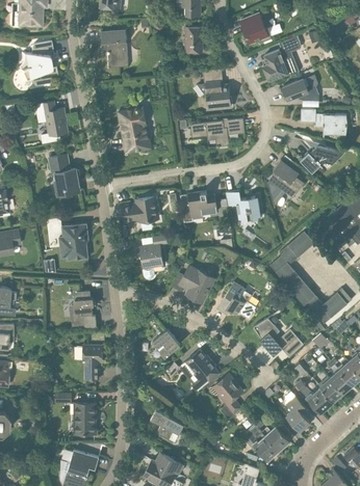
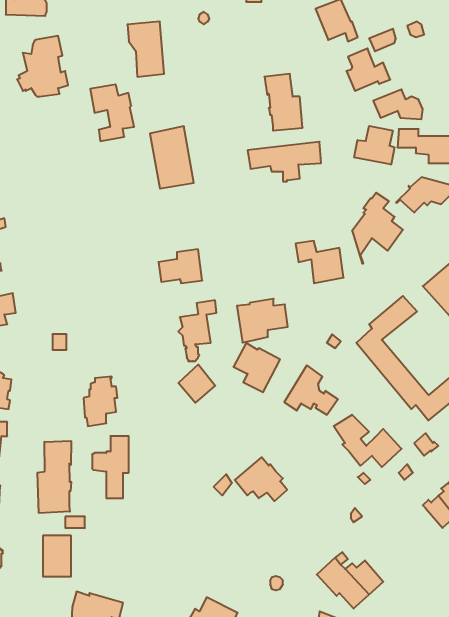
building: [183,27,203,51] -> none
building: [35,102,68,143] -> [90,84,134,141]
building: none -> [354,126,394,165]
building: [50,155,80,196] -> none
building: [180,191,217,223] -> [237,299,288,343]
building: [59,224,88,261] -> none
building: [153,329,180,357] -> [178,365,215,403]
building: none -> [37,441,71,513]
building: [210,374,243,421] -> none
building: [295,381,334,413] -> none
building: [286,397,311,432] -> none
building: [75,404,96,434] -> [43,536,71,577]
building: [151,409,185,440] -> none

